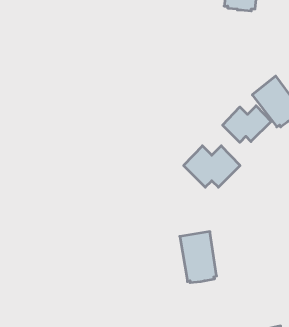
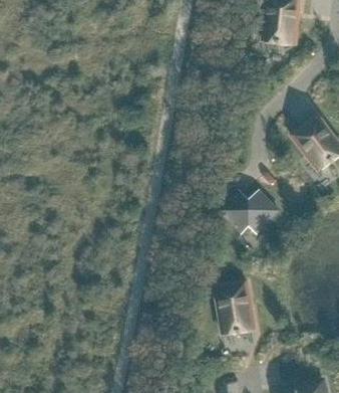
building: [223,106,271,142] -> none

